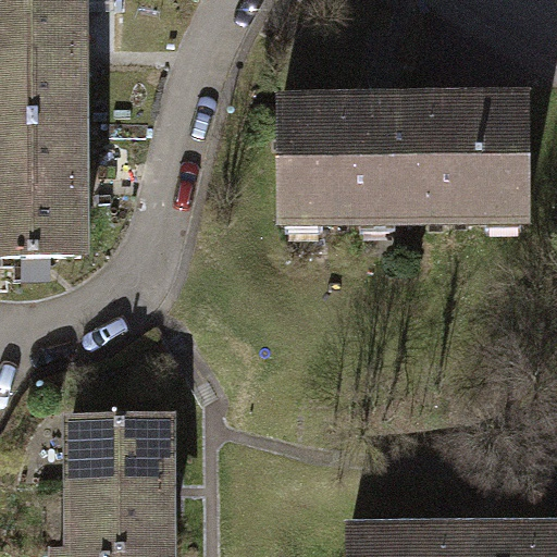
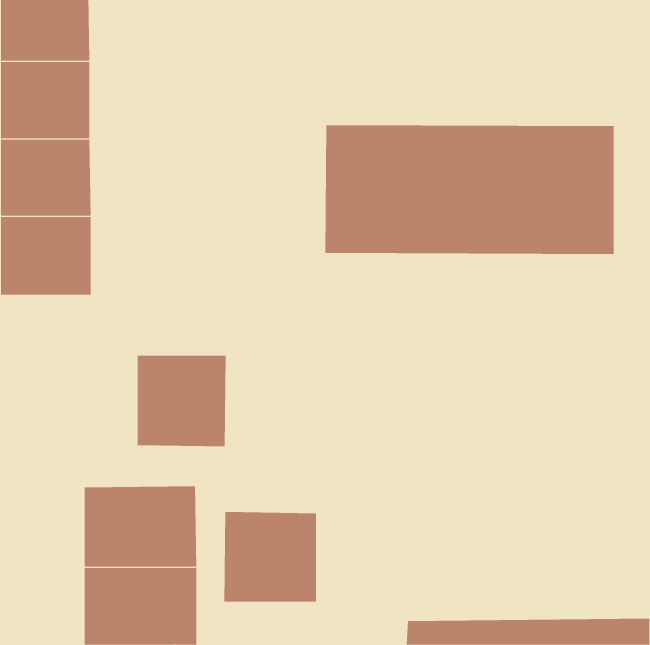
building: none -> [137,355,226,447]
building: none -> [224,511,317,602]

